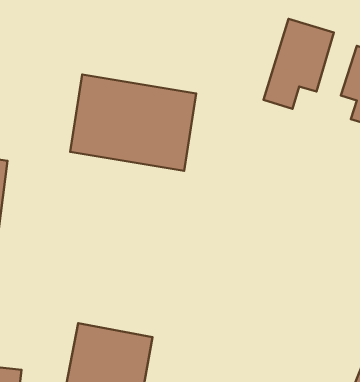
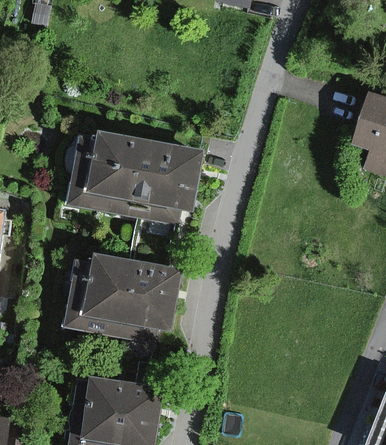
building: [264,19,334,109] -> none
building: none -> [67,250,179,342]

